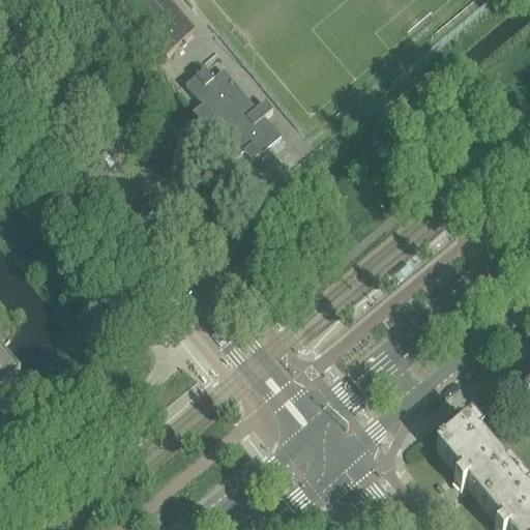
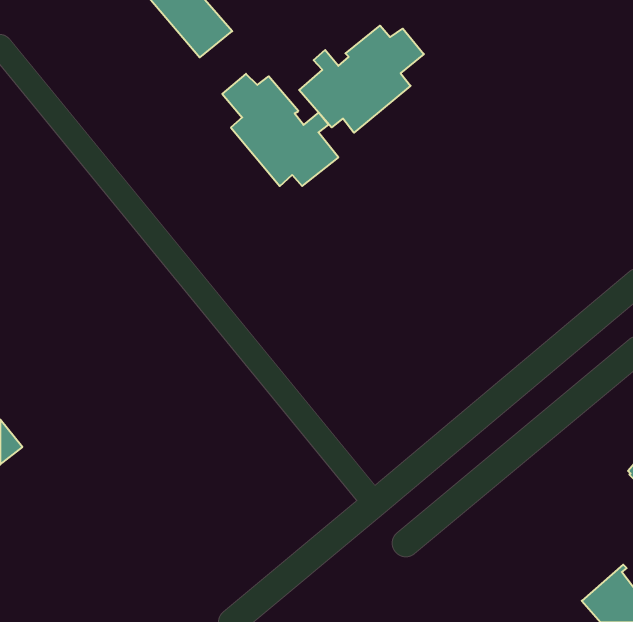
building: none -> [299,26,424,133]
building: [439,412,521,498] -> none

